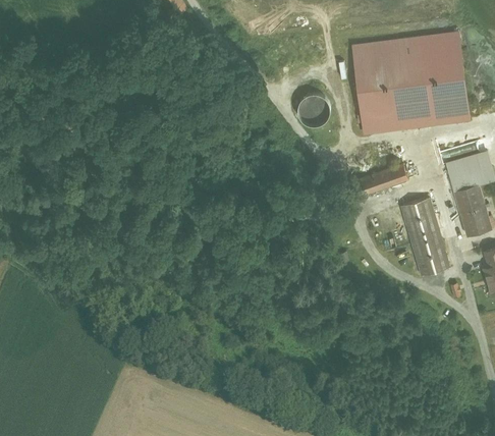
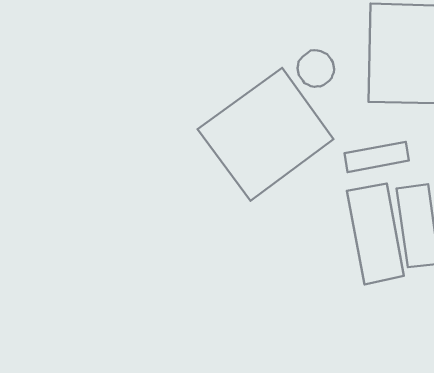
building: none -> [198,68,334,201]
building: none -> [347,183,404,284]

